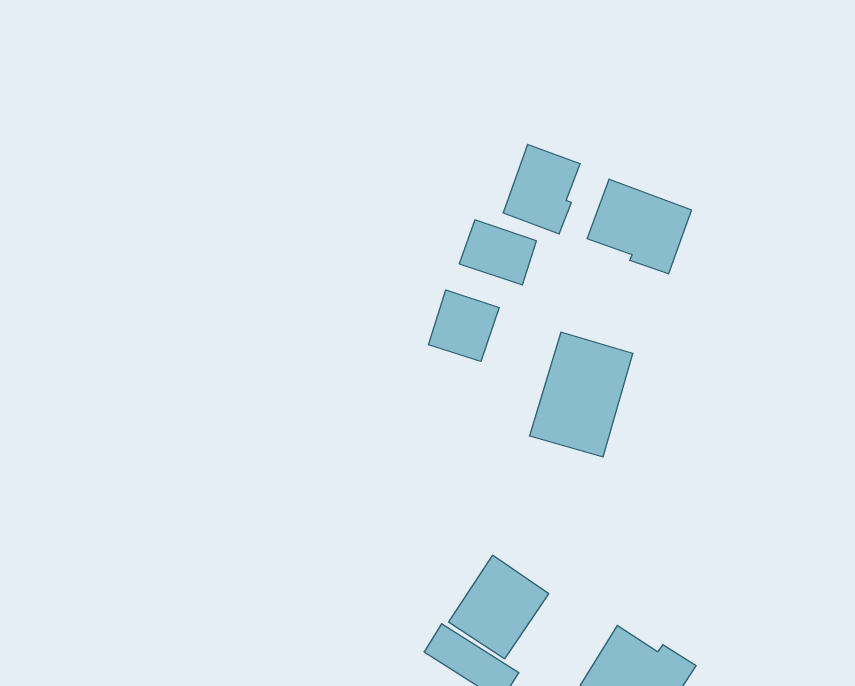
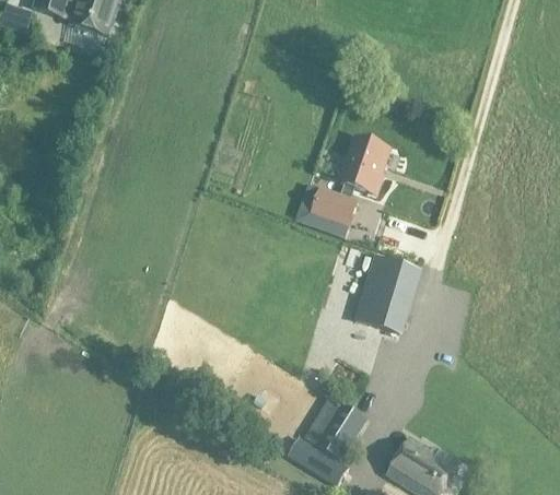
building: [587,179,691,274] -> none
building: [428,290,499,361] -> none

